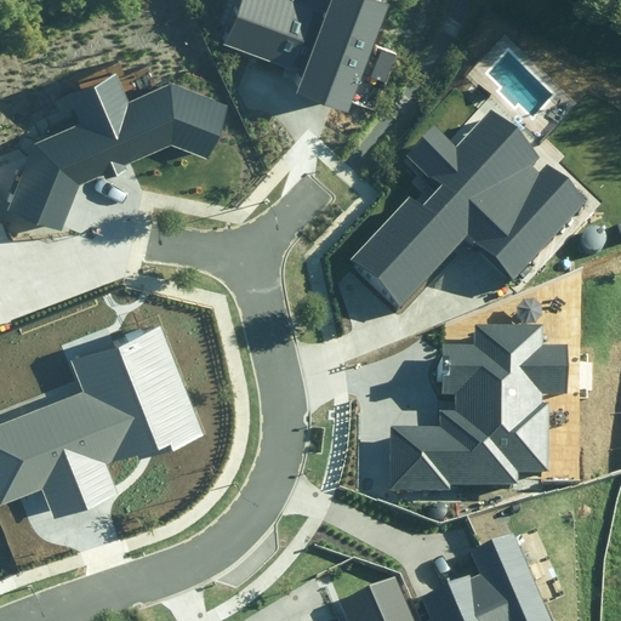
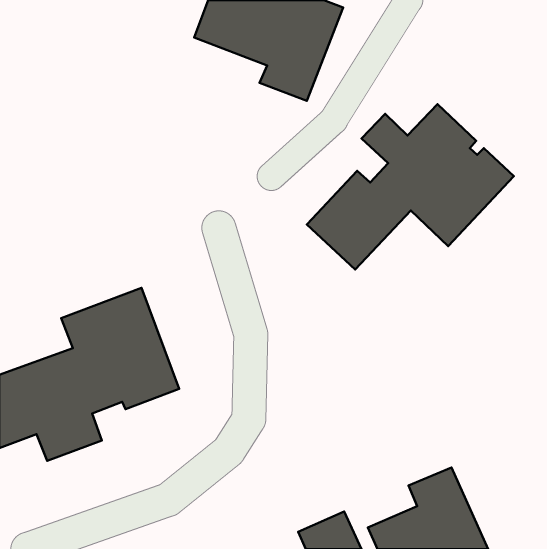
building: [8,74,233,229] -> none
building: [387,326,565,491] -> none

